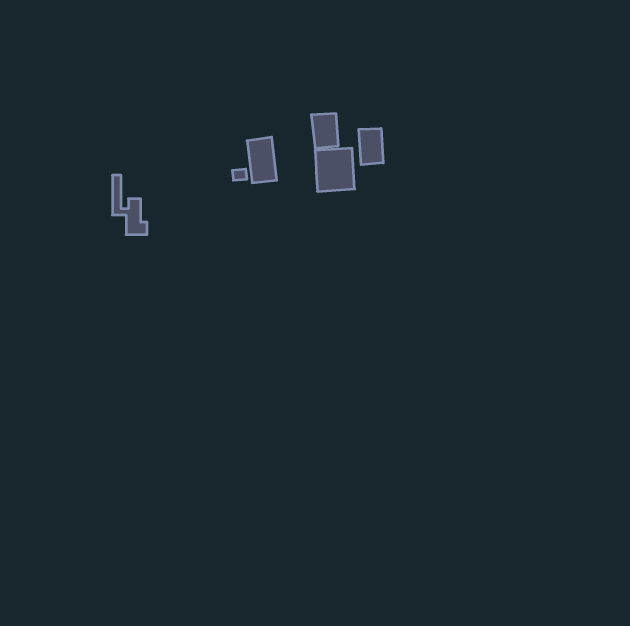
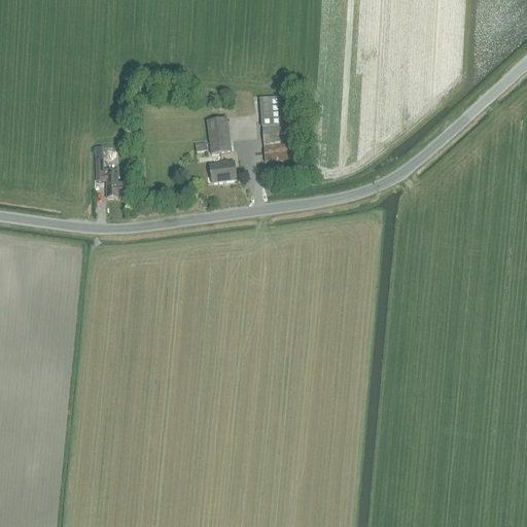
building: [359,128,383,165] -> none
building: none -> [208,157,236,182]

